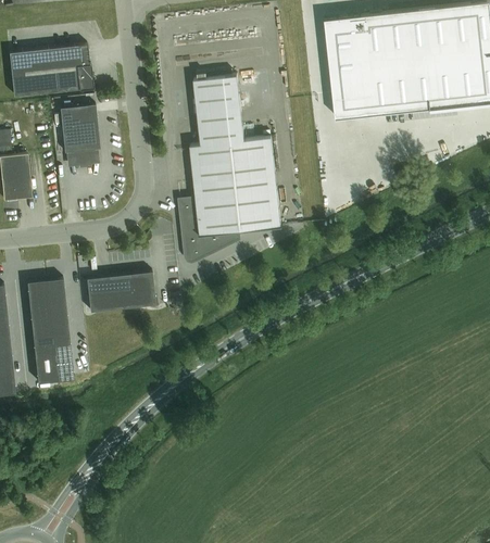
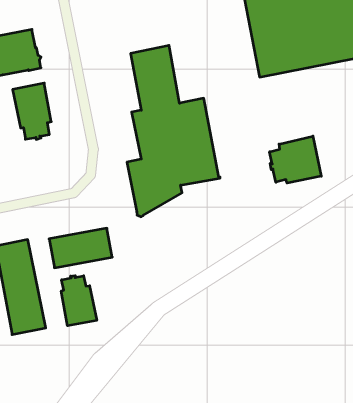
building: none -> [270,136,321,183]
building: none -> [61,276,97,326]

